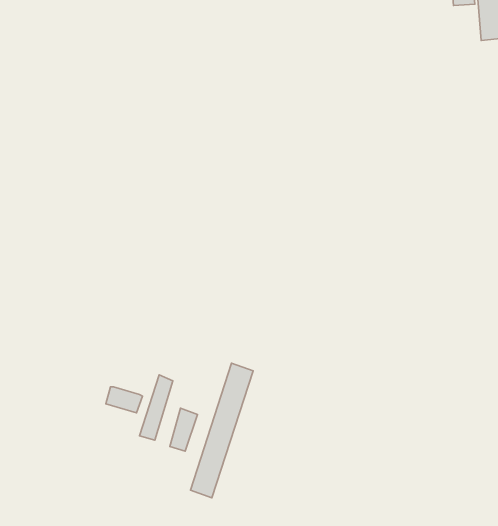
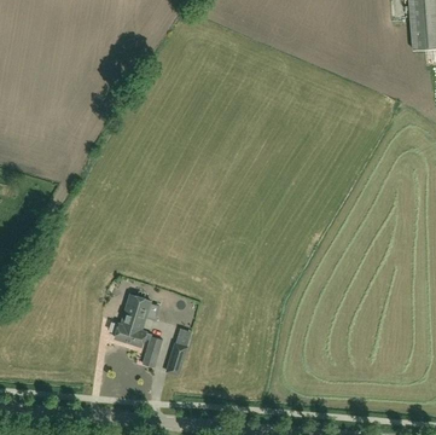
building: none -> [122,292,151,330]
building: [190,363,253,498] -> none

